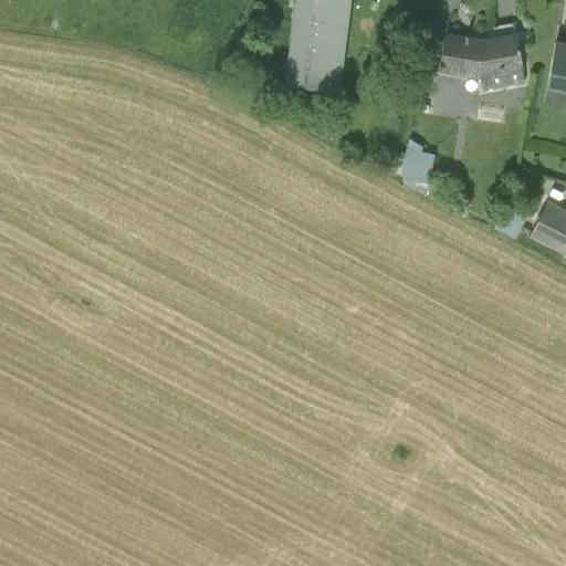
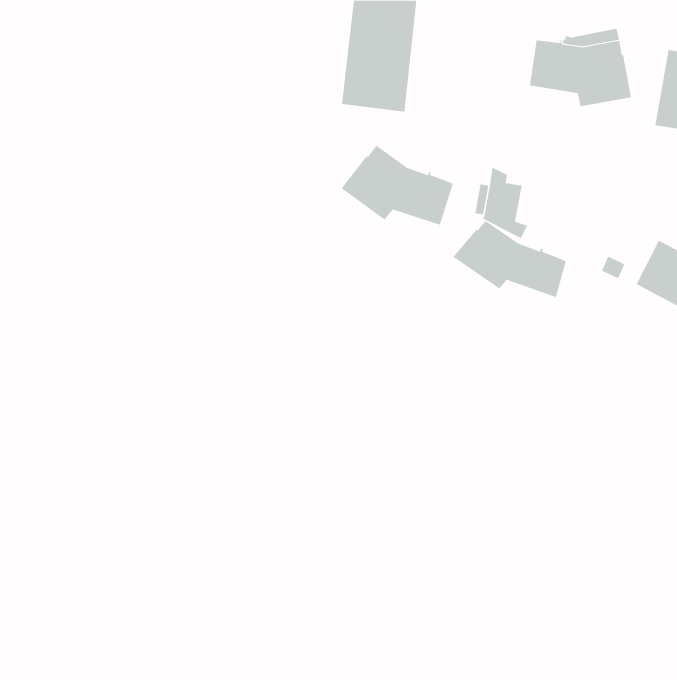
building: none -> [341,145,454,225]
building: none -> [453,220,567,298]

